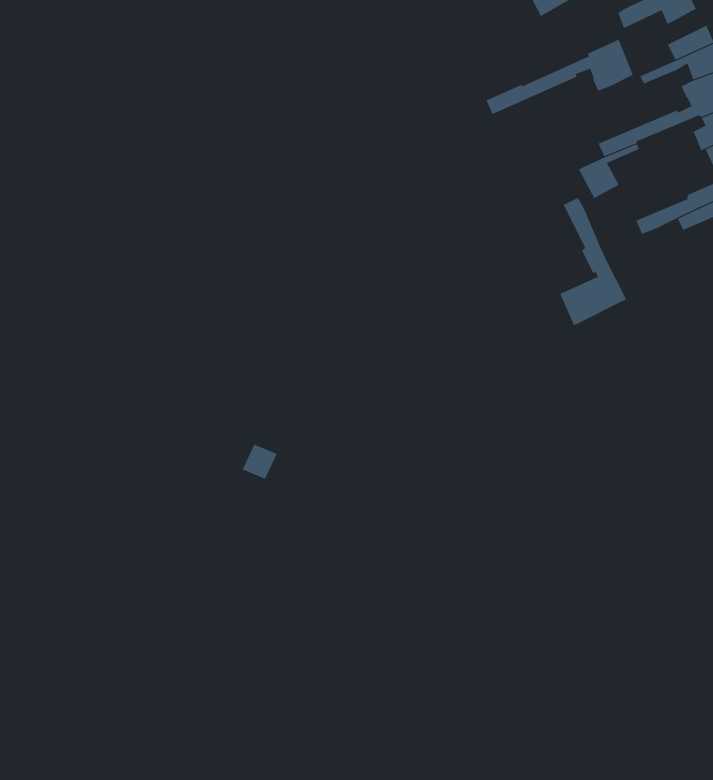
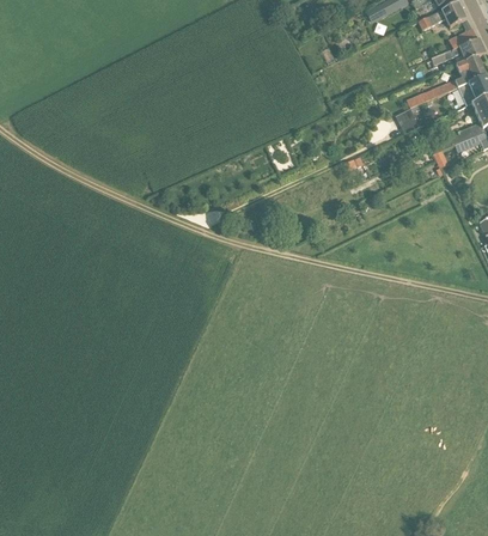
building: [486,39,633,115] -> none
building: [559,197,627,326] -> none

